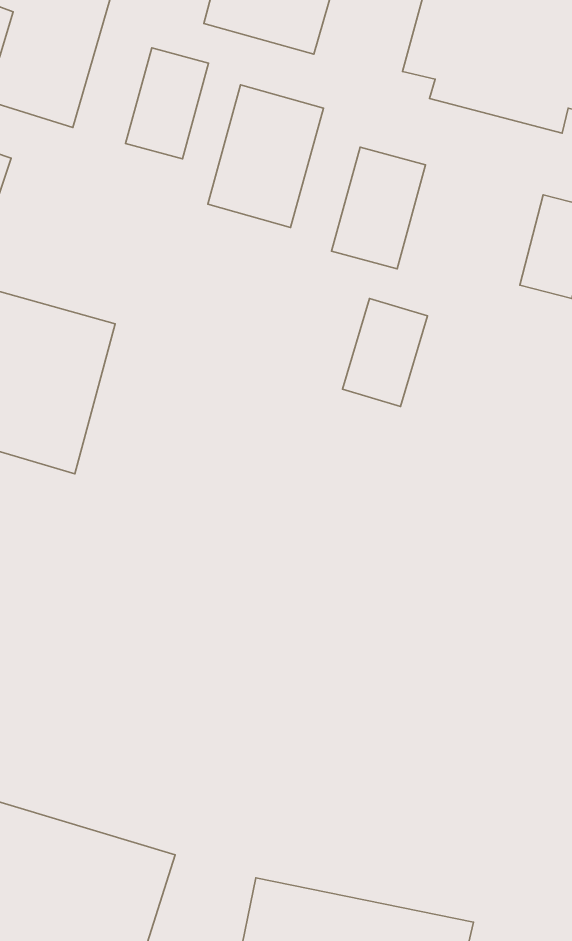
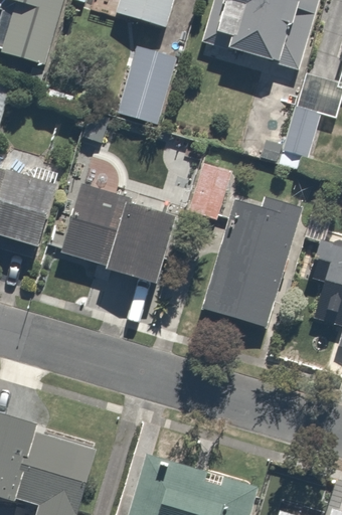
building: [125,48,209,159] -> none
building: [331,147,426,269] -> none
building: none -> [61,186,178,286]
building: none -> [201,197,300,323]

